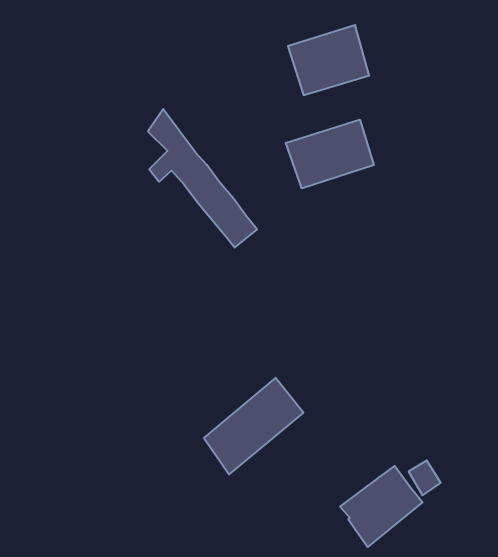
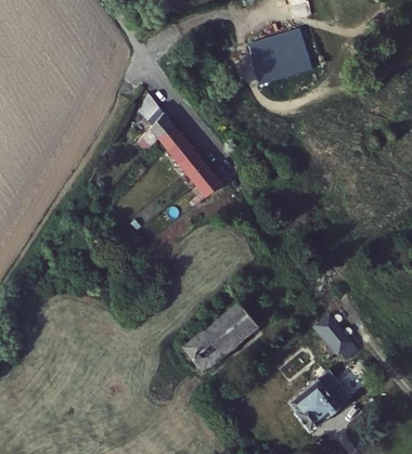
building: [286,120,374,188] -> none
building: none -> [316,315,350,353]

